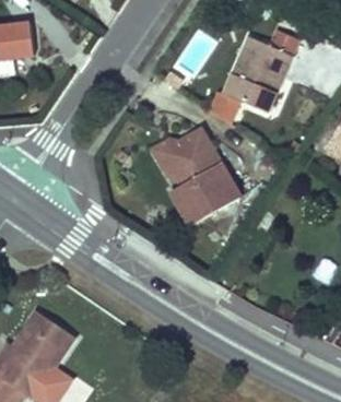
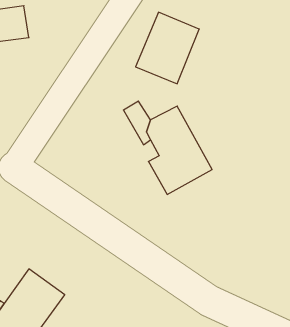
building: [224,37,294,116] -> [136,12,199,84]

